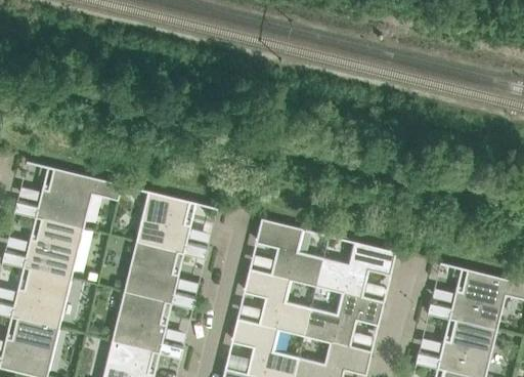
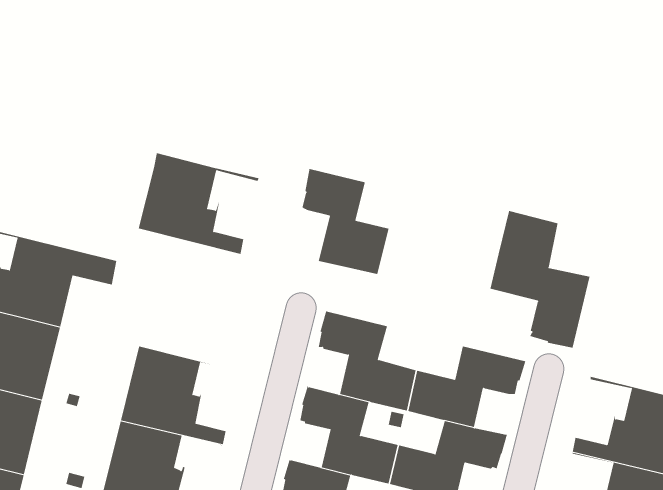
building: none -> [302,168,389,275]
building: none -> [490,210,590,349]
building: [135,192,217,260] -> [138,152,259,254]

